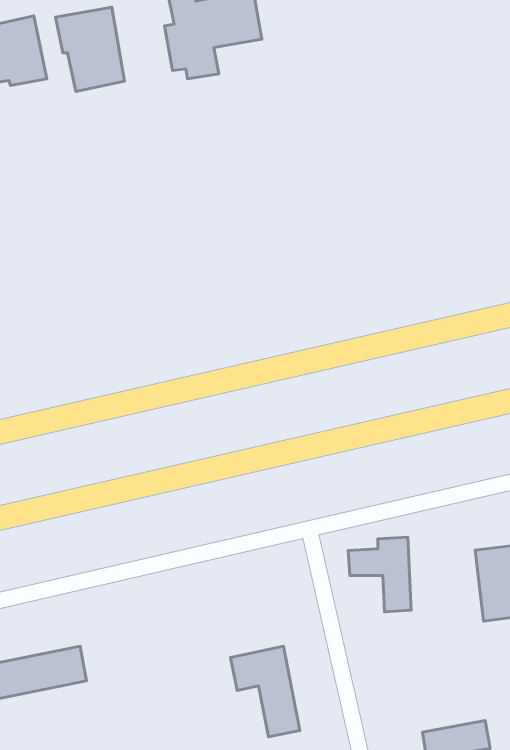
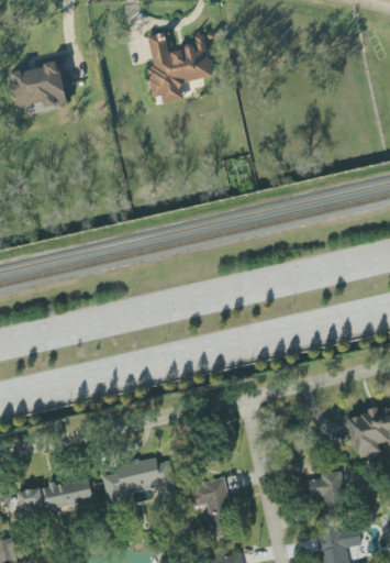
building: [55,7,124,92] -> none
building: [348,537,411,612] -> [301,472,343,521]
building: none -> [103,459,177,511]

